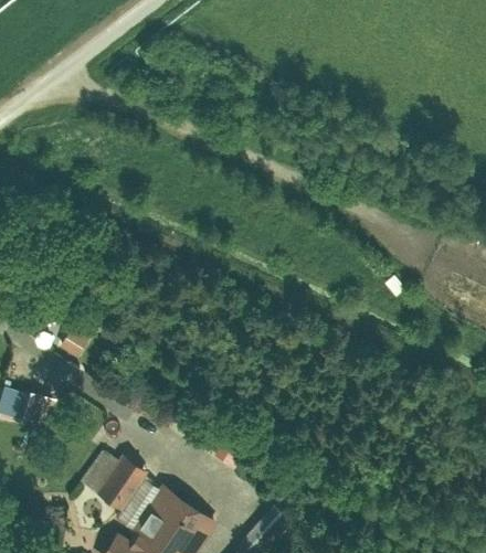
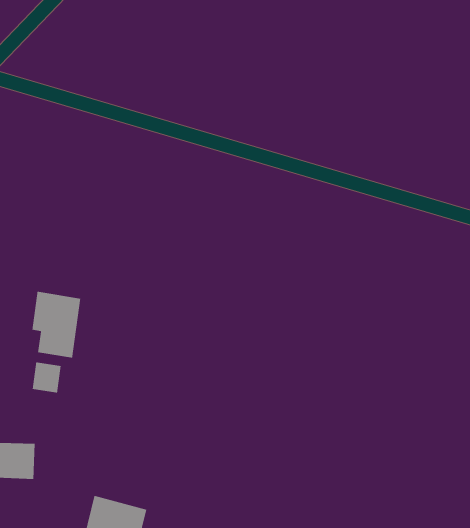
building: none -> [32,291,81,358]

